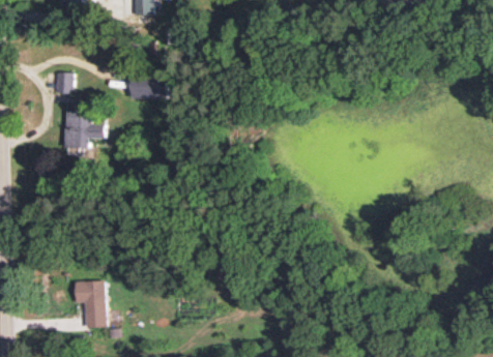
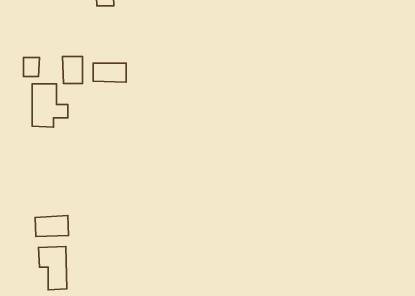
building: none -> [63,56,82,83]
building: none -> [35,215,68,237]

